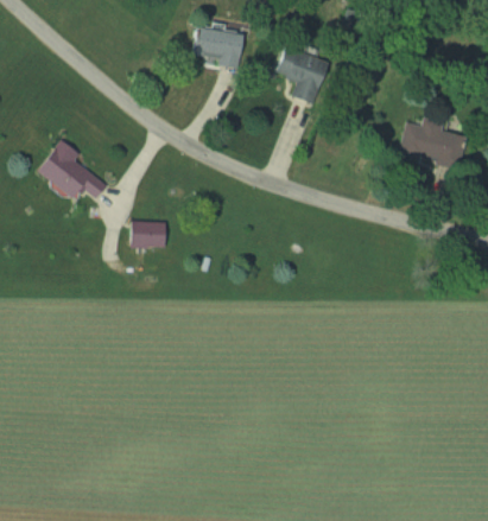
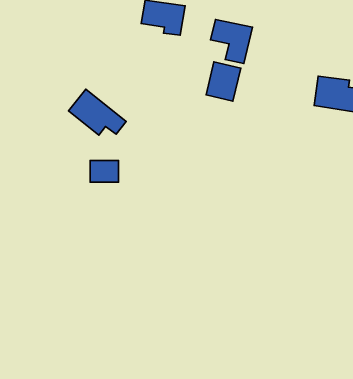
building: none -> [206,62,241,101]
building: [36,144,106,199] -> [68,89,126,135]

